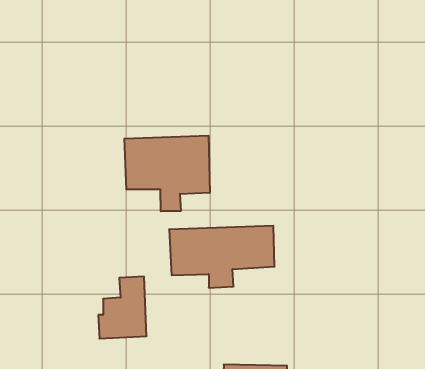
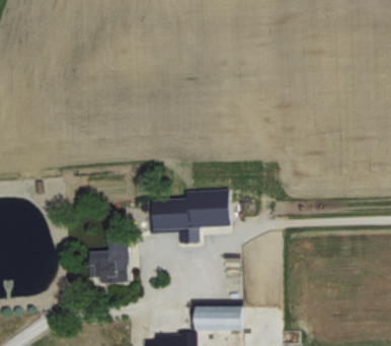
building: [124,136,210,211] -> none

